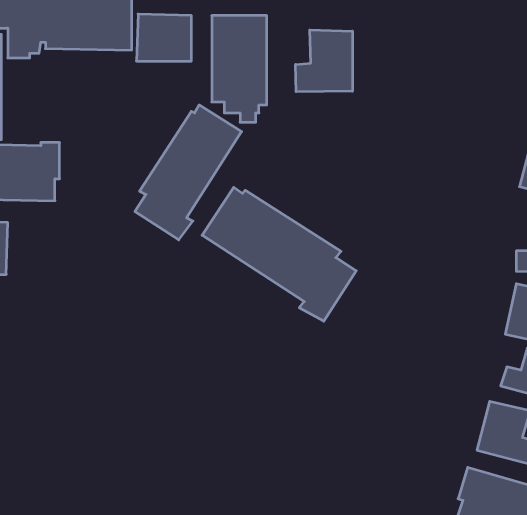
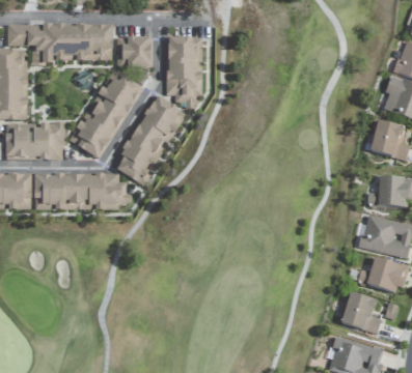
building: [296,30,352,92] -> none
building: none -> [68,74,143,157]
building: [202,187,356,321] -> none
building: none -> [33,172,131,207]

